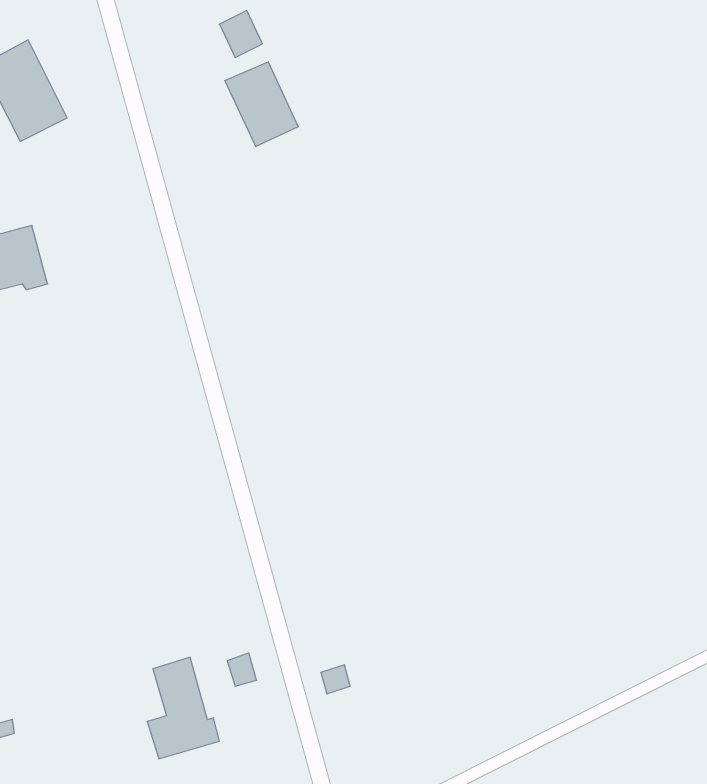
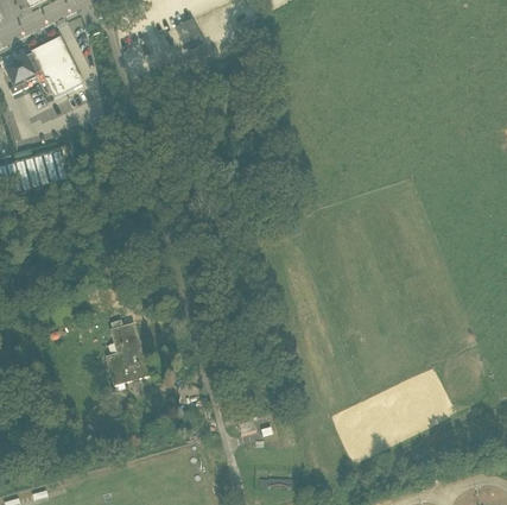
building: [225,62,298,147] -> none
building: [147,657,219,759] -> [107,322,151,384]

